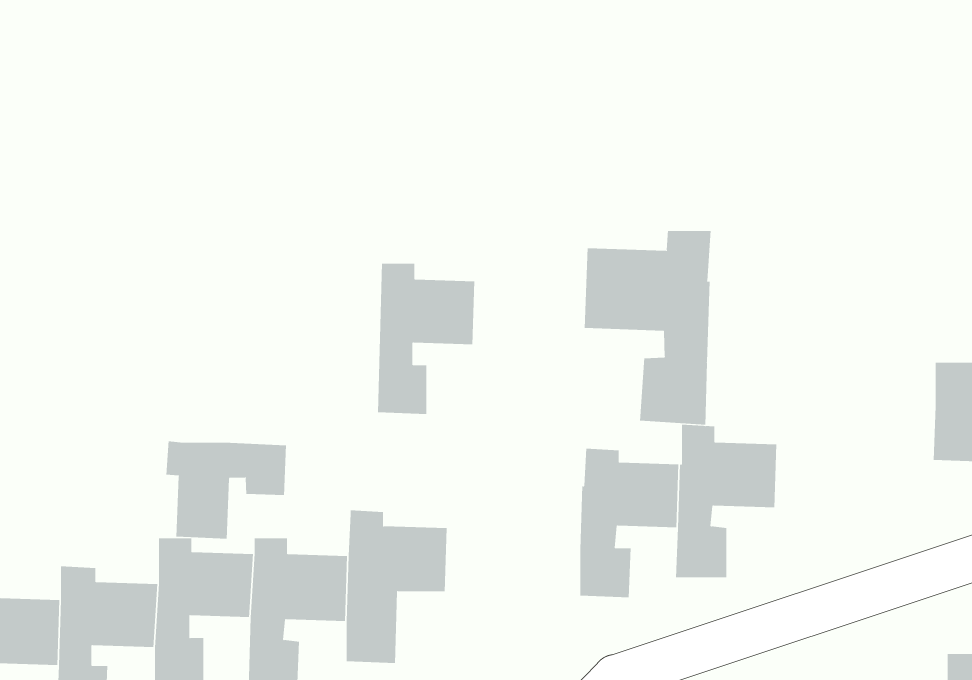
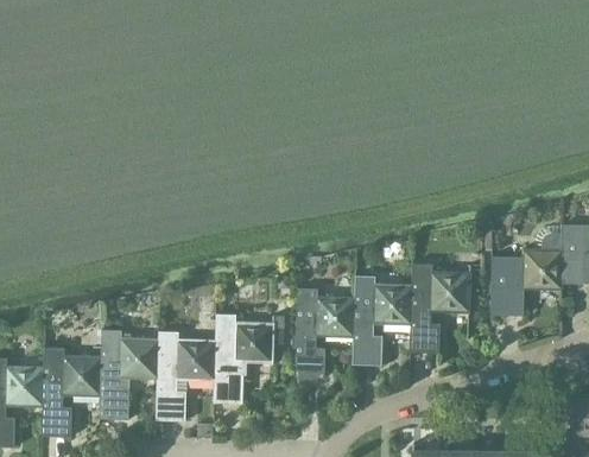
building: [584,230,711,426] -> none
building: [377,263,475,415] -> [294,288,353,379]
building: none -> [490,226,563,317]
building: [166,441,286,540] -> none

